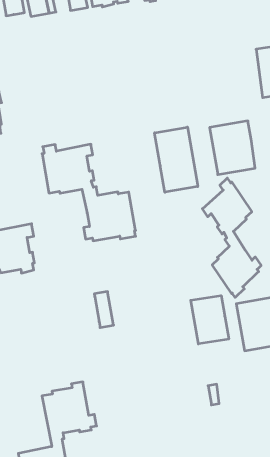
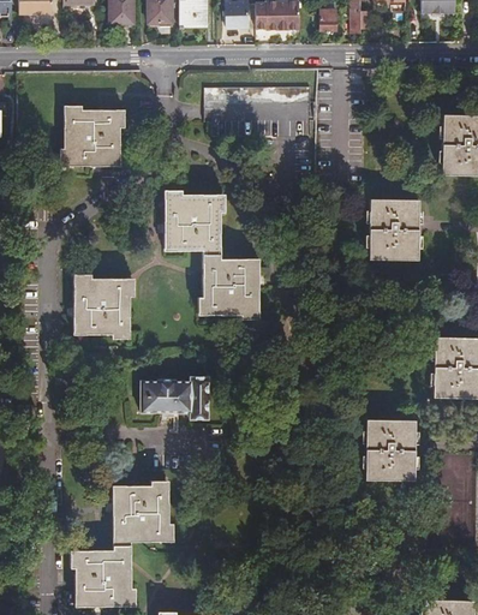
building: [155,127,198,192] -> none
building: [202,178,261,297] -> none
building: [191,296,229,344] -> none
building: none -> [145,380,196,412]

